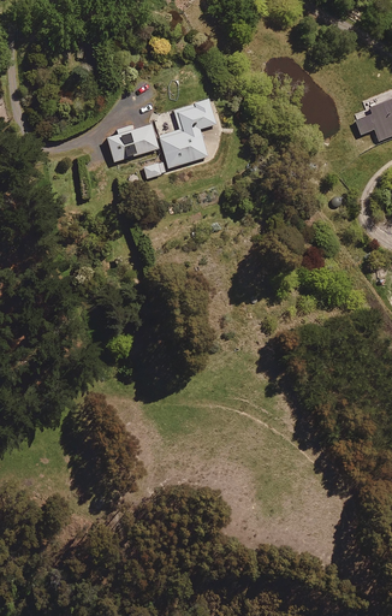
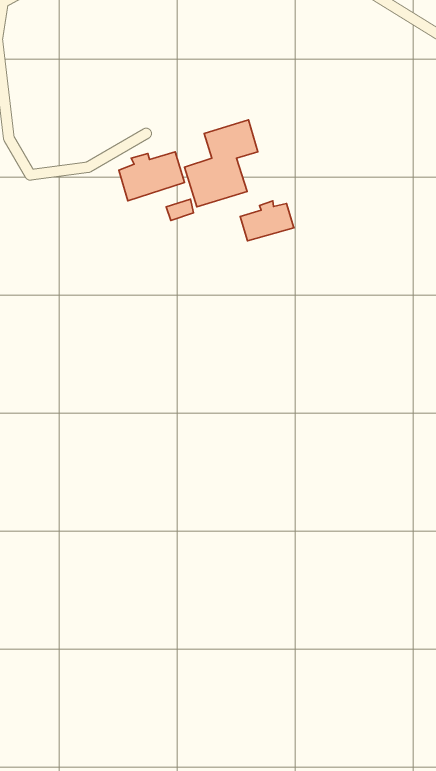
building: none -> [240,201,294,241]

